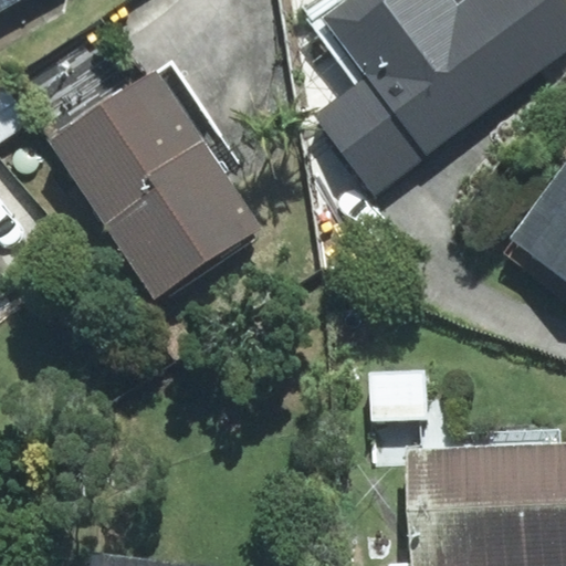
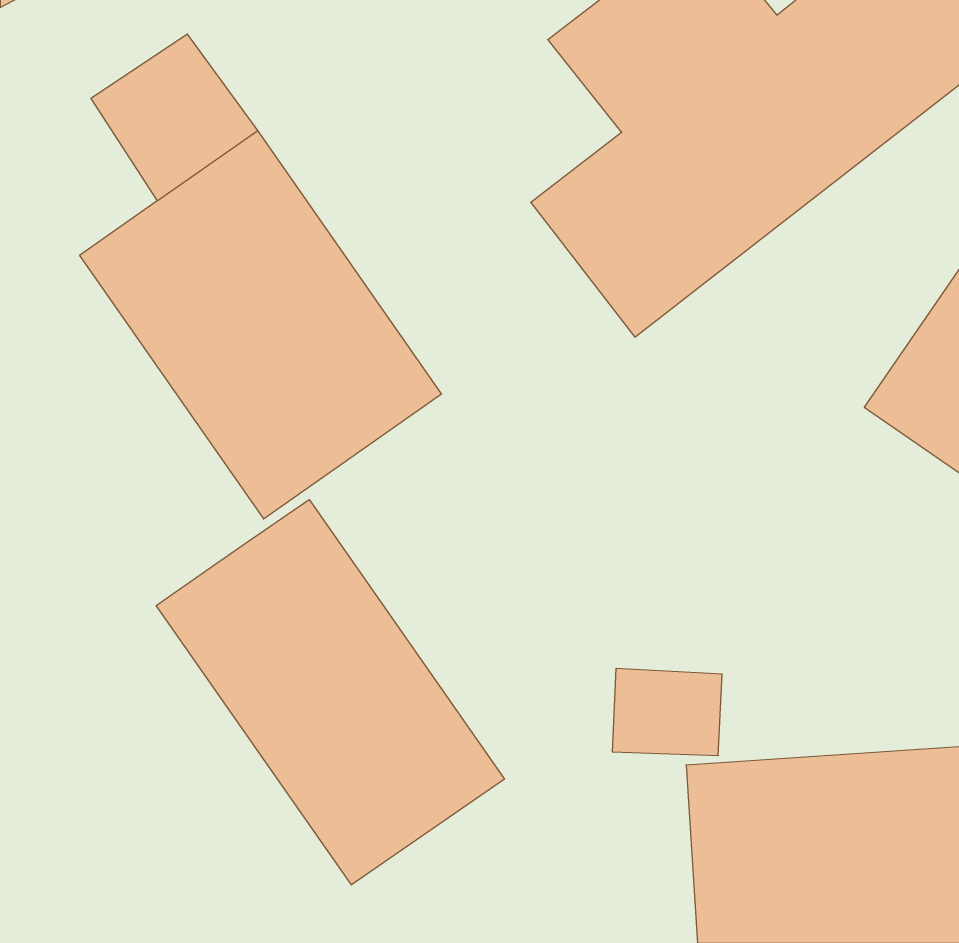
building: none -> [156,500,505,885]

